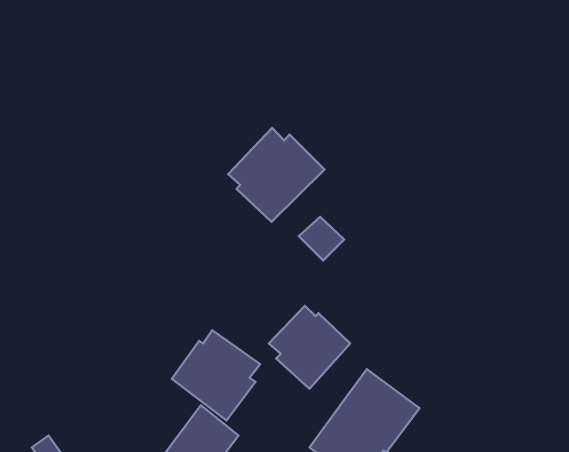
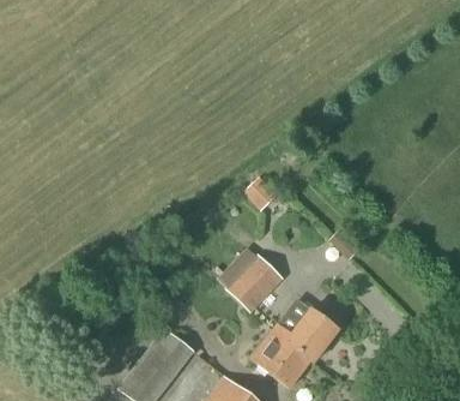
building: [228,128,324,222] -> none
building: [172,330,260,420] -> none

